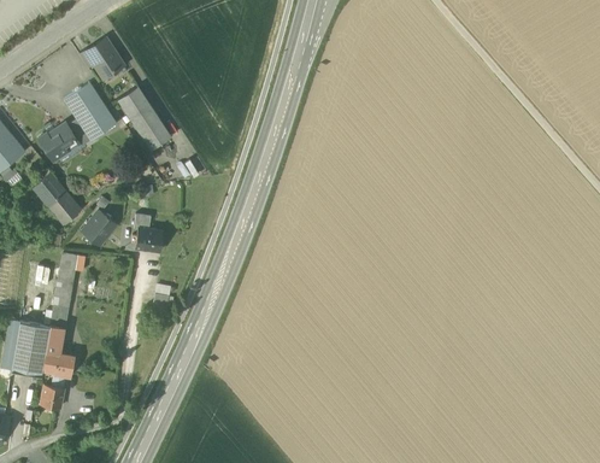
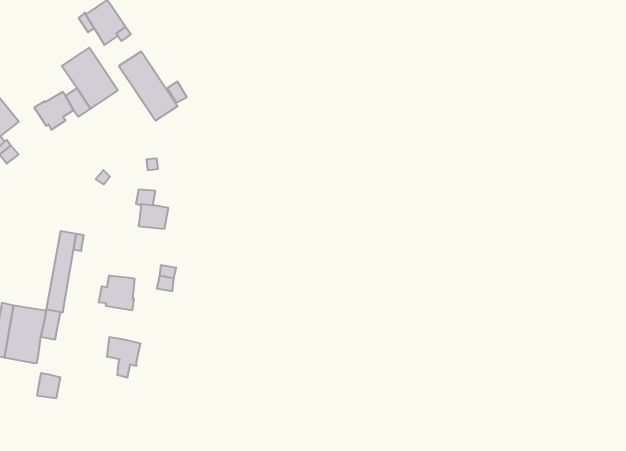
building: [31,170,82,223] -> none
building: [81,209,117,245] -> none
building: none -> [99,275,135,310]
building: [42,350,73,387] -> [107,337,141,377]

